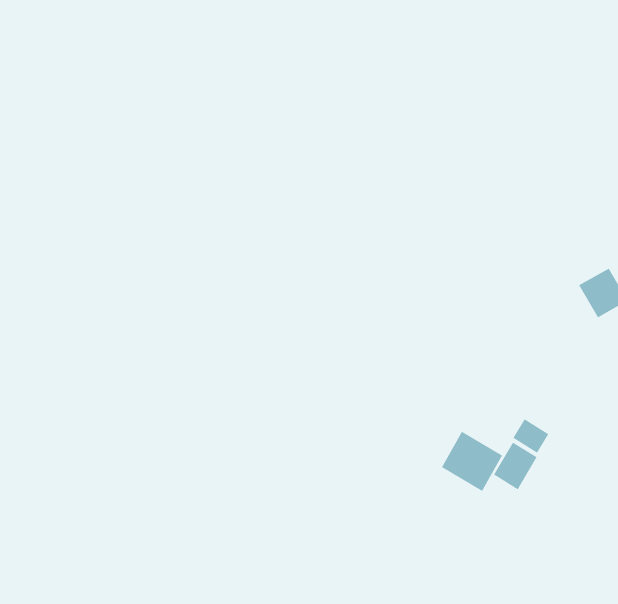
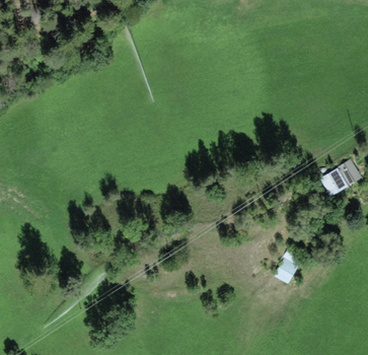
building: [441,431,503,492] -> none

